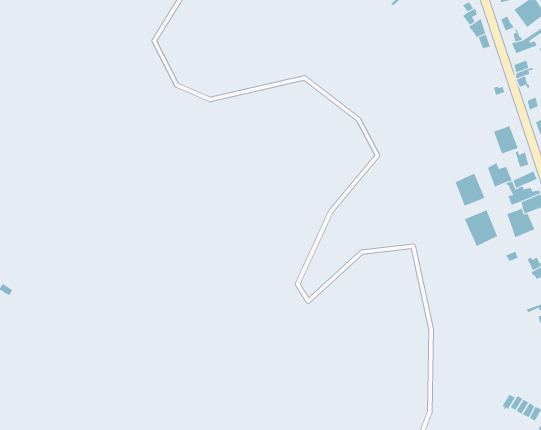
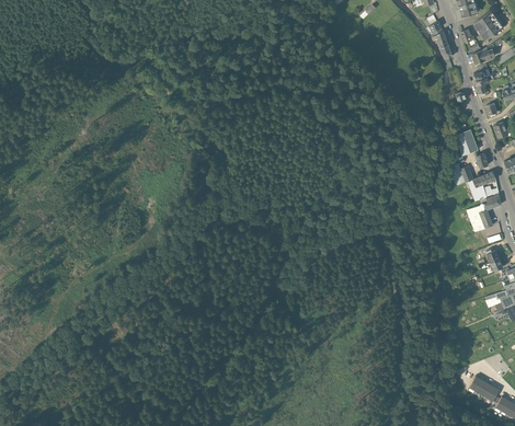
building: [455,173,485,207] -> none
building: [464,209,498,247] -> none

